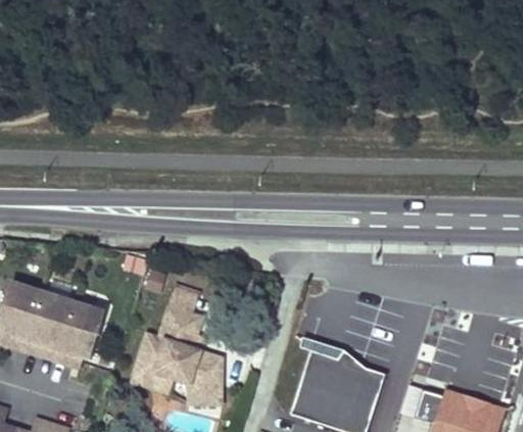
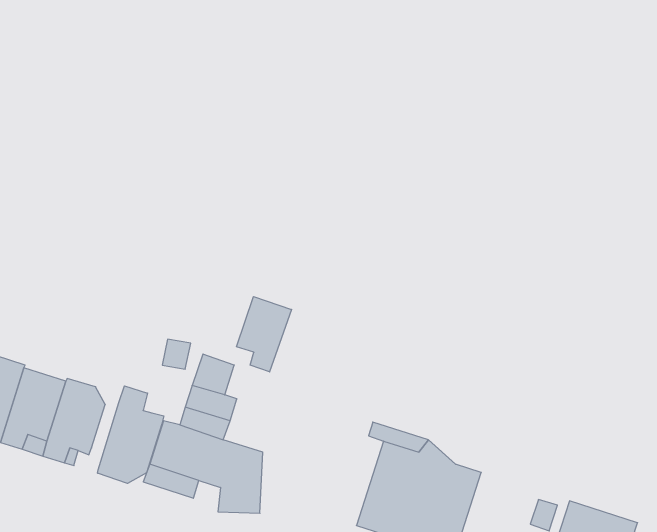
building: none -> [236,297,292,372]
building: none -> [98,386,164,483]

